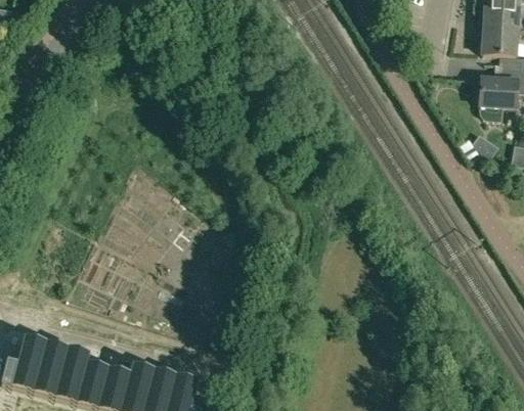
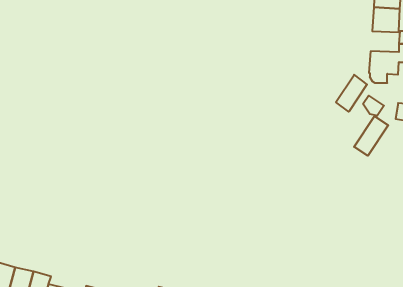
building: none -> [336,75,367,112]
building: none -> [354,116,388,156]

